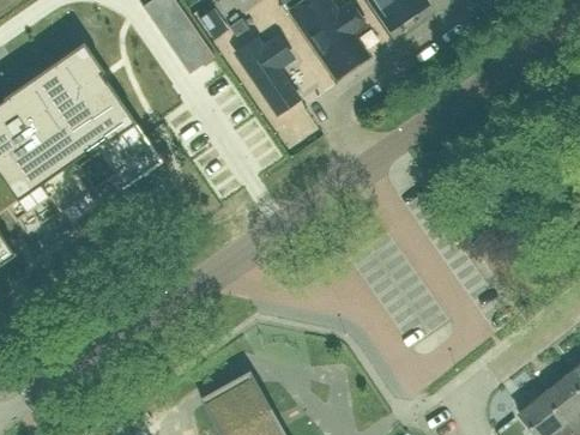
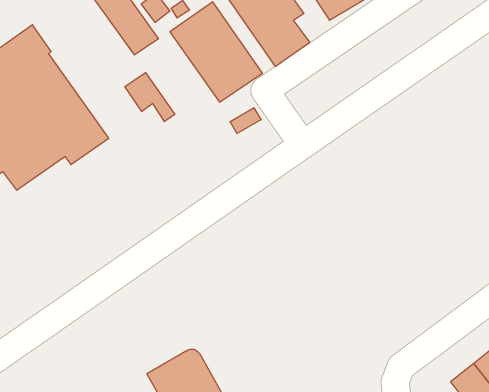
building: none -> [125,73,175,122]

